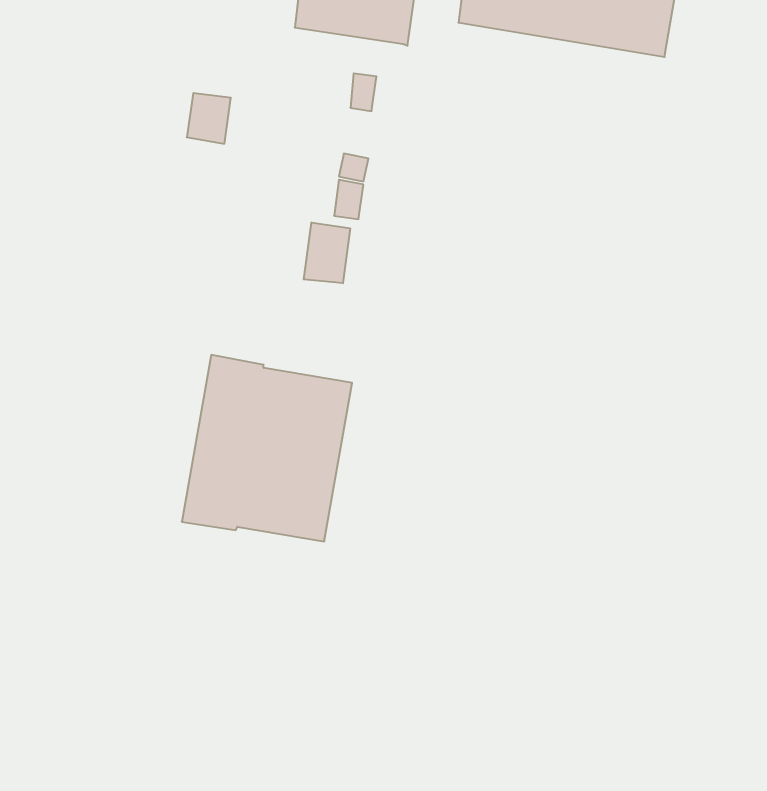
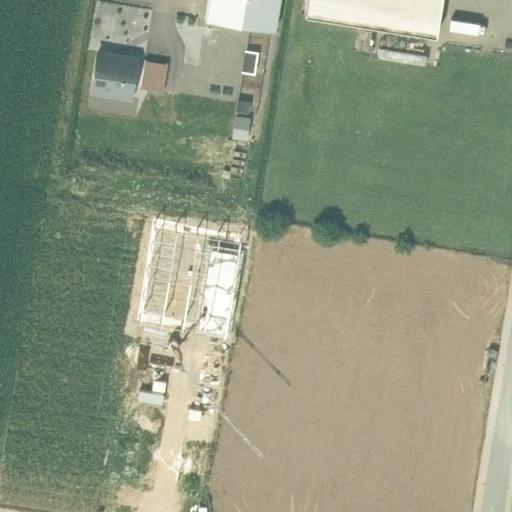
building: none -> [92,50,138,96]
building: [304,222,350,283] -> none

